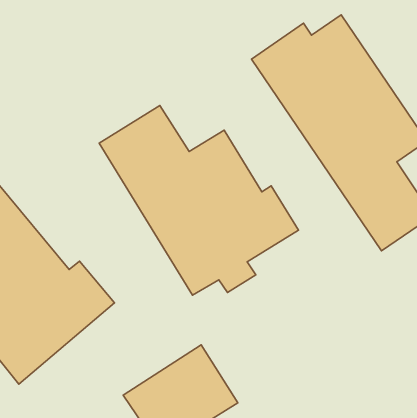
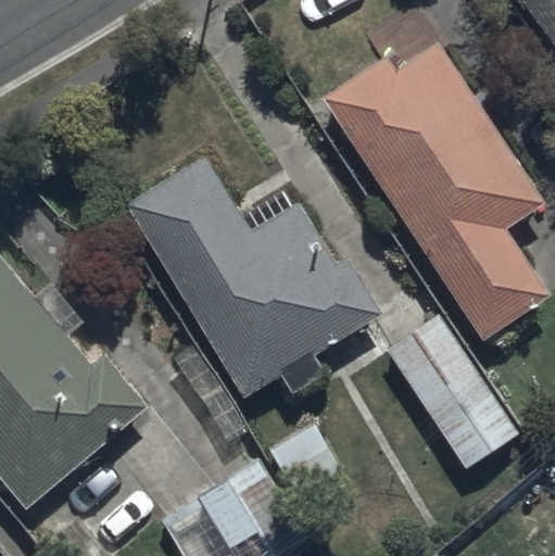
building: none -> [386,314,517,469]

